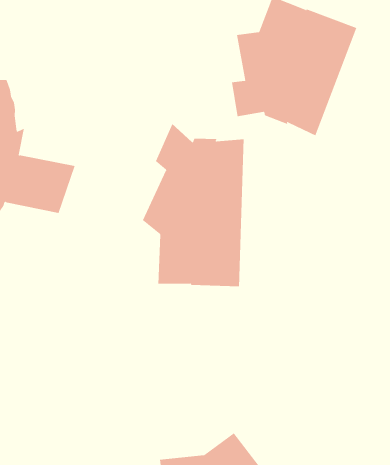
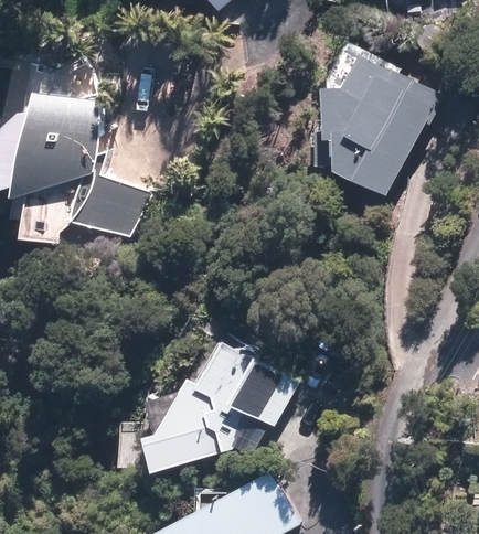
building: [142,123,244,287] -> none
building: none -> [147,338,295,470]

